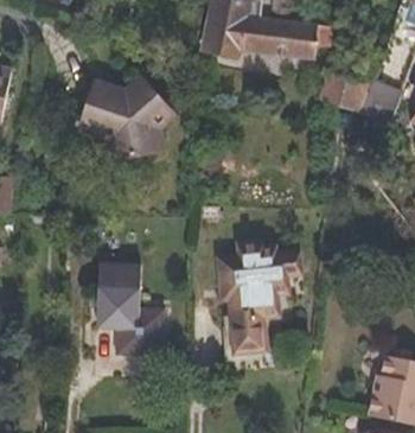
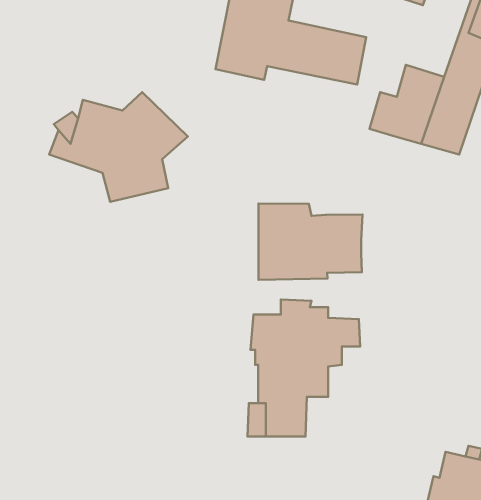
building: none -> [259,204,362,280]
building: [96,262,166,356] -> none

